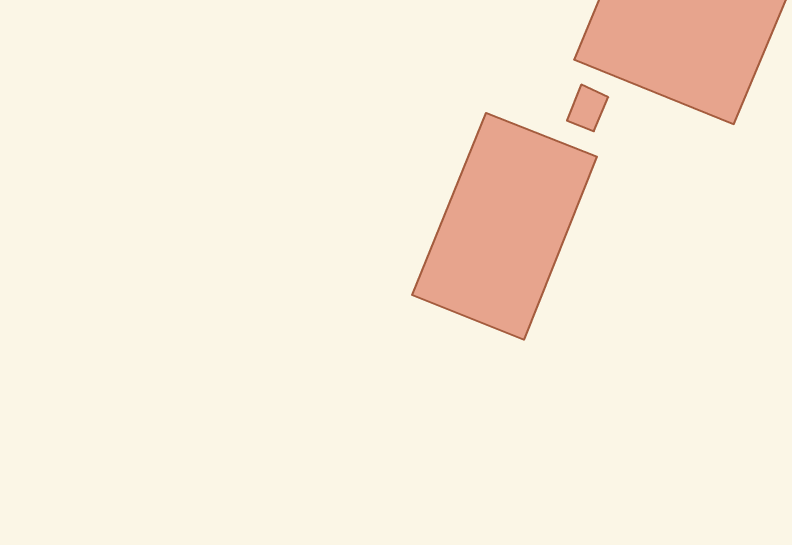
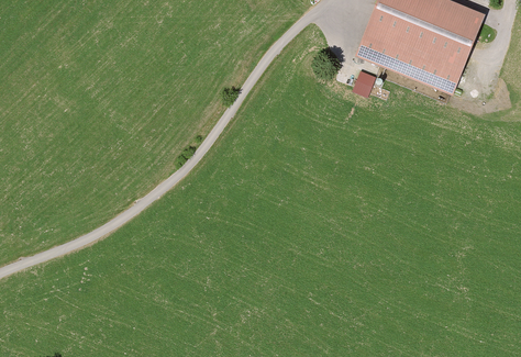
building: [412,113,597,340] -> none

